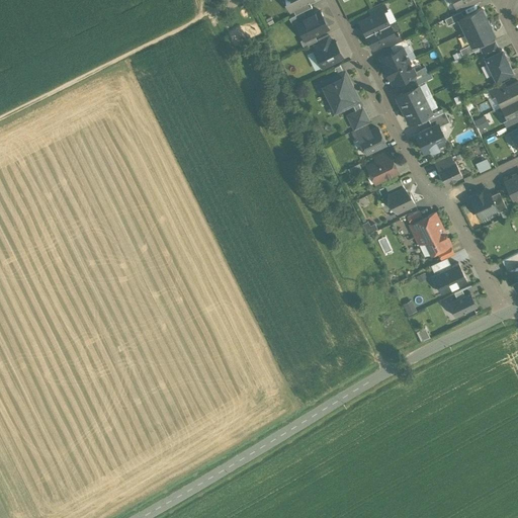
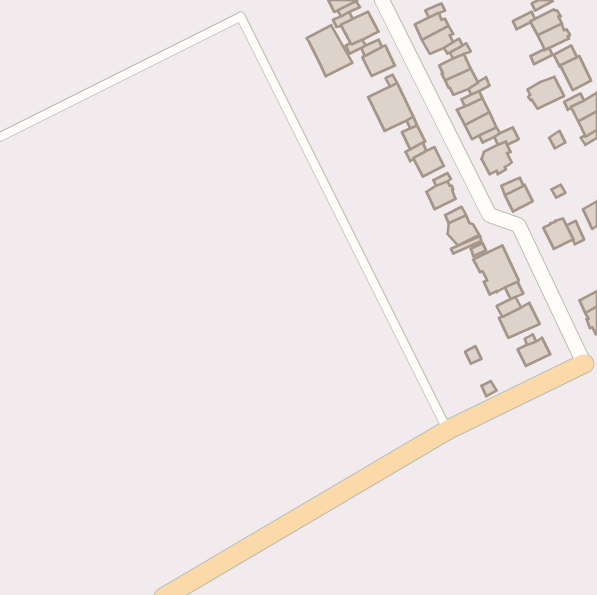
building: none -> [307,25,352,76]
building: none -> [528,77,564,109]

